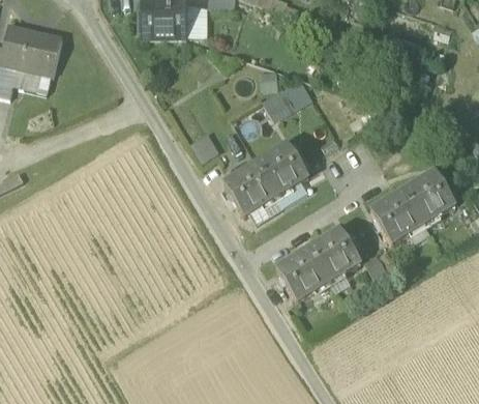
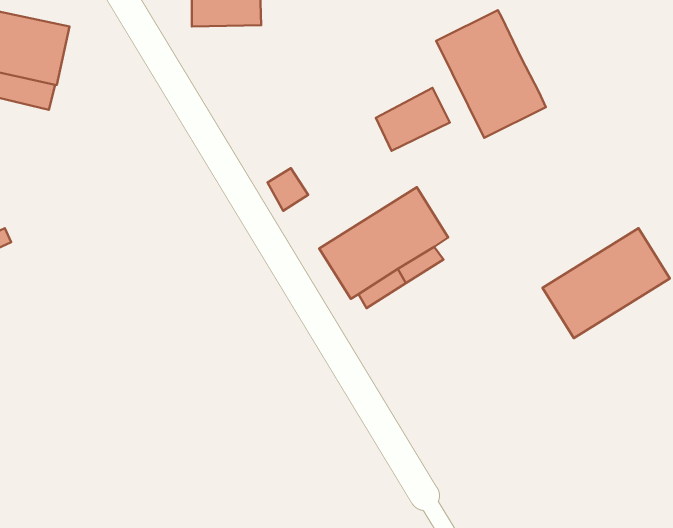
building: none -> [436,10,546,138]
building: [278,227,362,298] -> none

